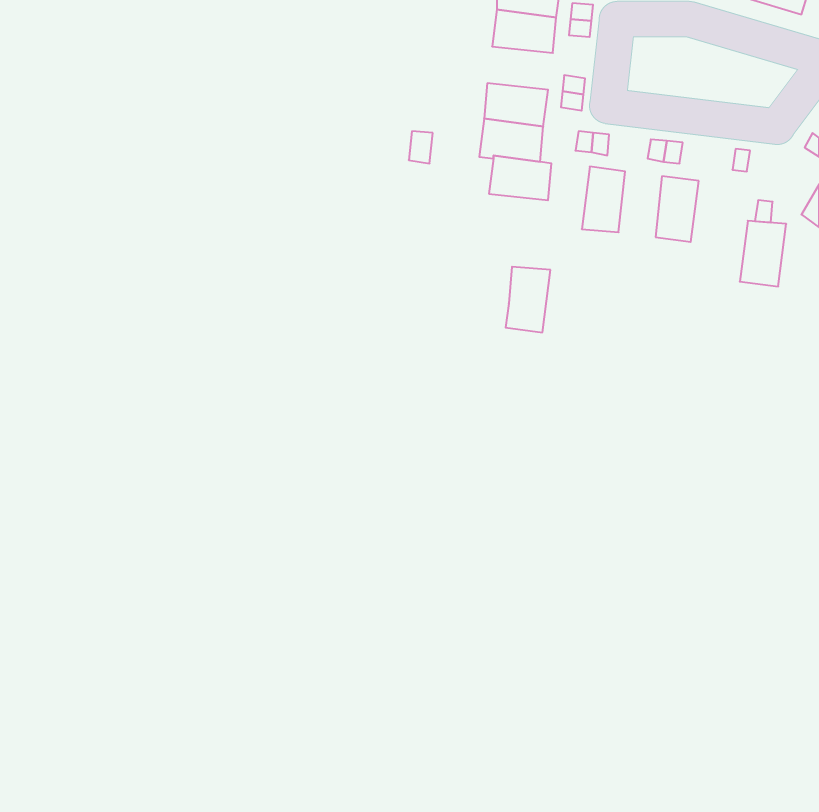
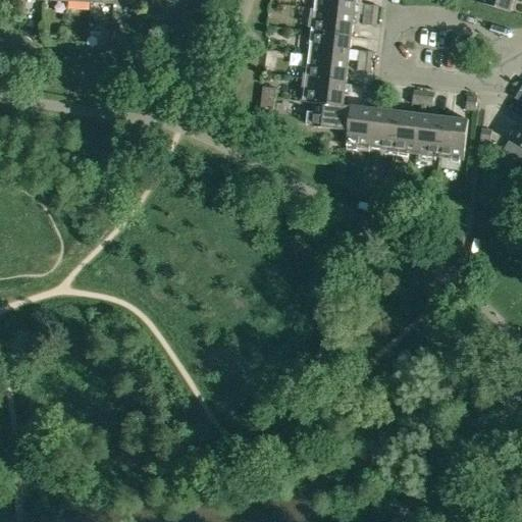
building: none -> [310,30,352,57]
building: none -> [394,109,421,151]
building: [740,221,786,286] -> [439,115,469,157]
building: [506,267,550,332] -> [347,104,375,146]

